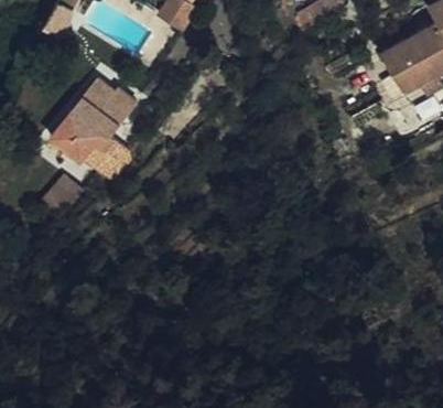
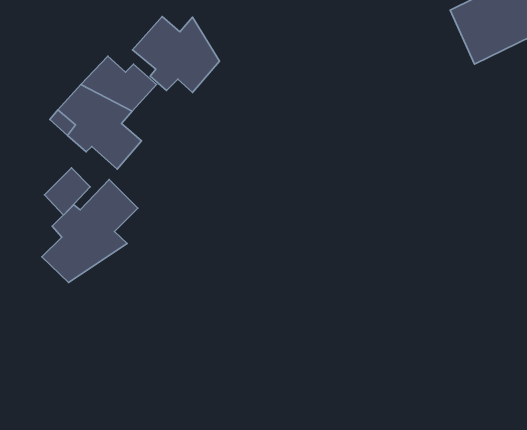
building: none -> [133,16,219,93]
building: none -> [42,180,138,283]

